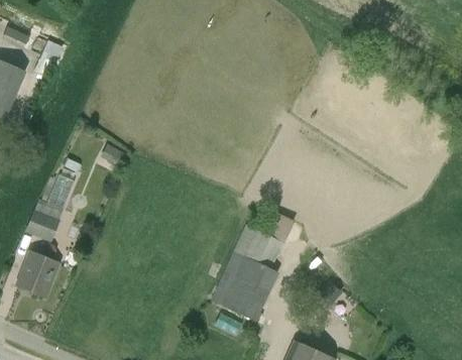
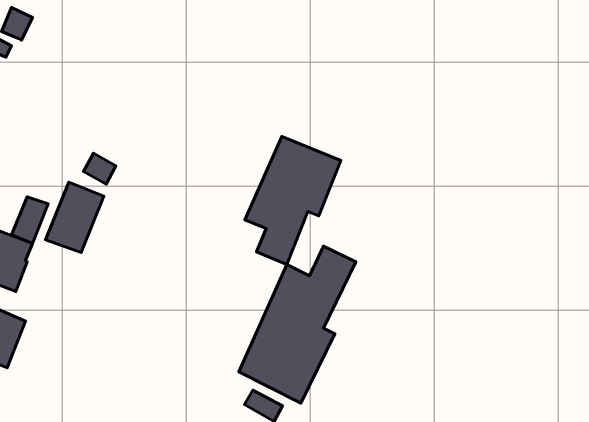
building: none -> [245,137,341,265]
building: none -> [45,182,104,253]

